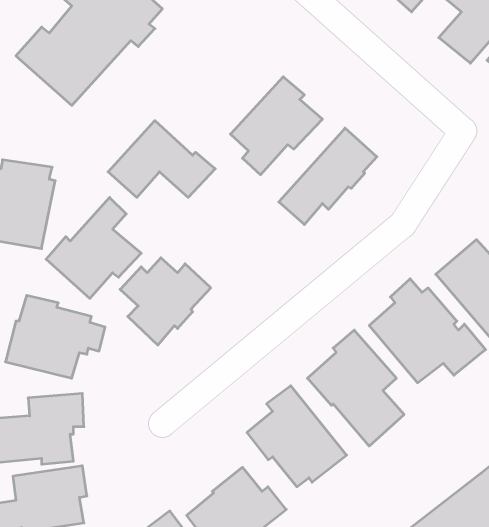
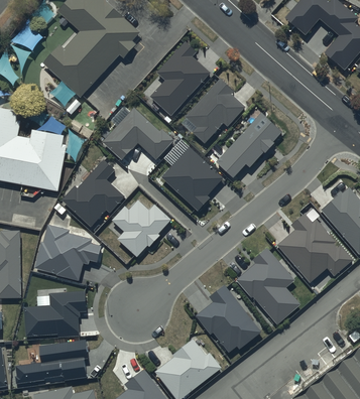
building: none -> [149,41,210,116]
building: none -> [160,146,224,212]

